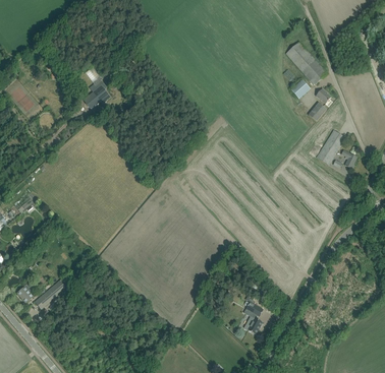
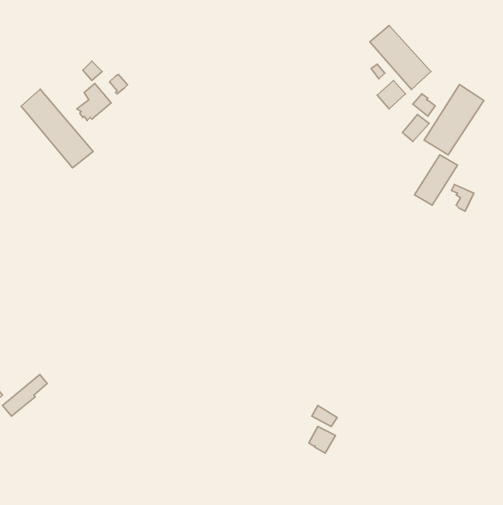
building: none -> [424,84,484,155]
building: none -> [21,89,93,168]

